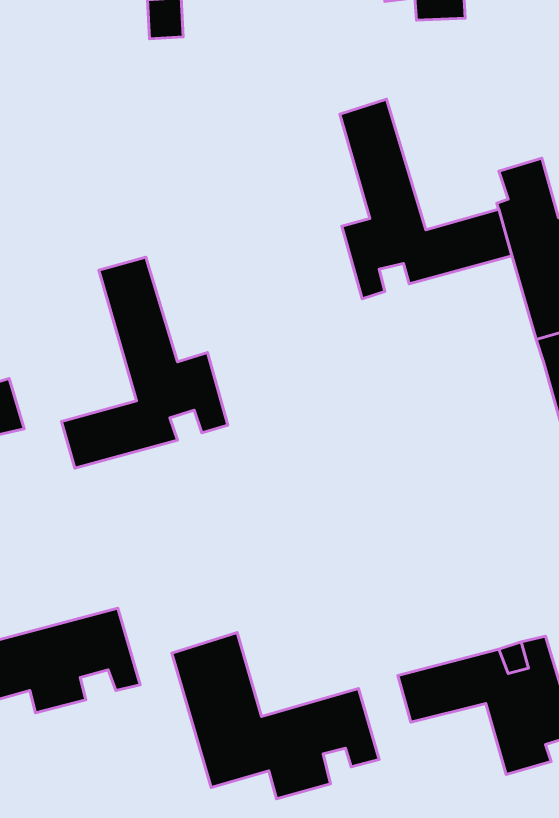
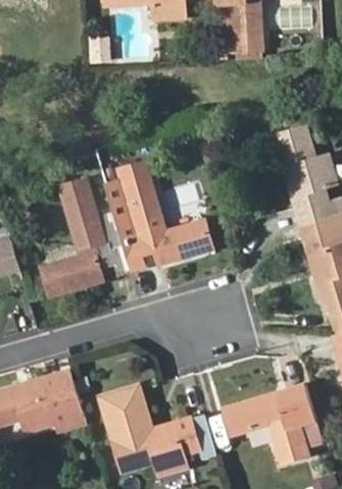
building: [340,99,512,299] -> [119,163,213,272]

